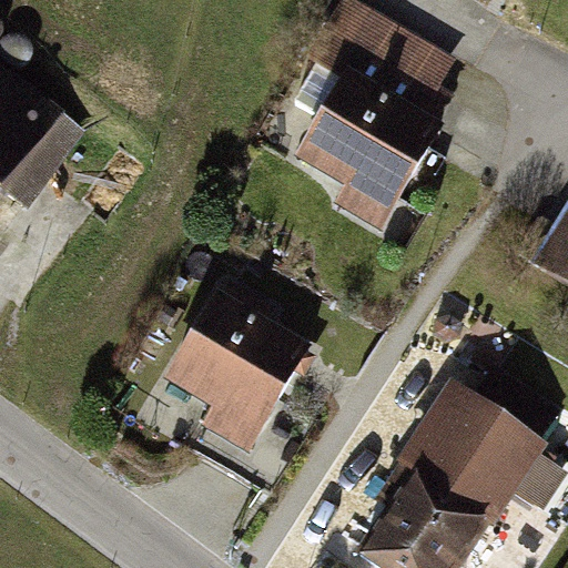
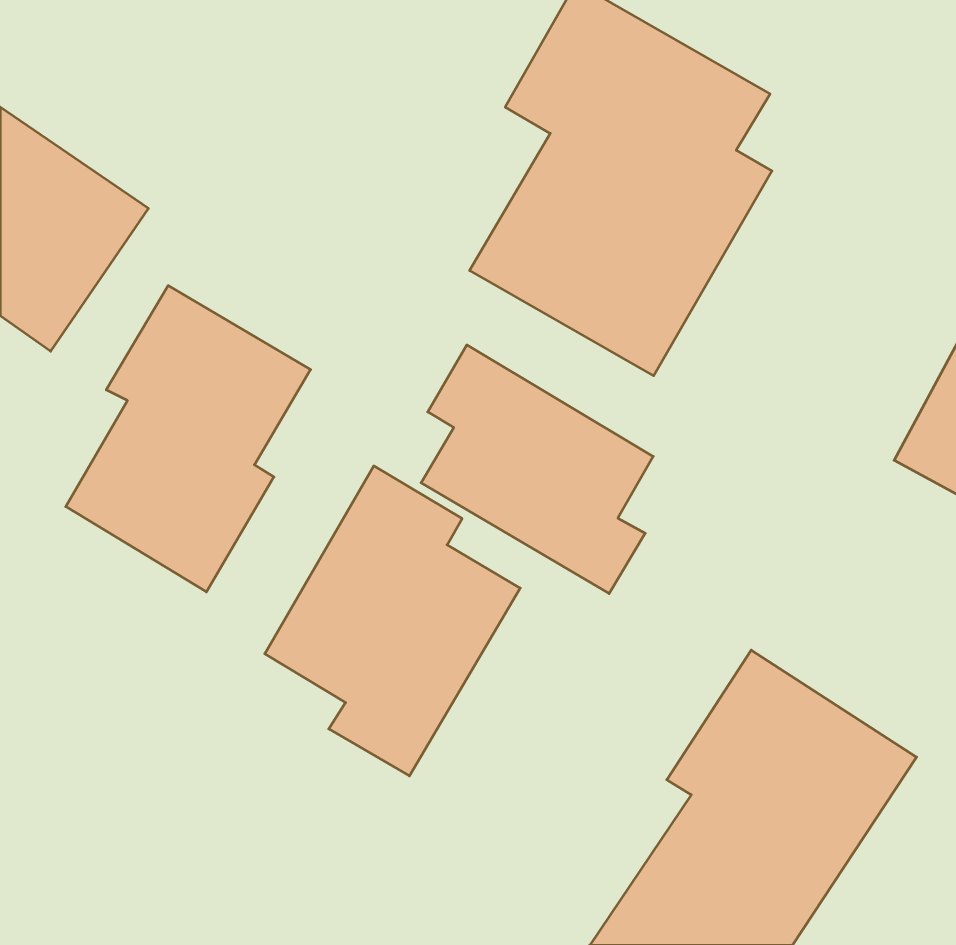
building: none -> [66,286,311,592]
building: none -> [421,345,653,594]

